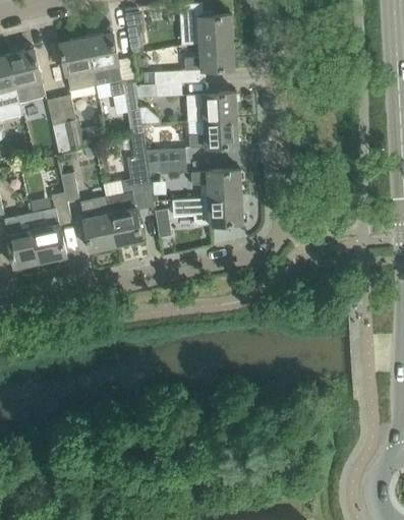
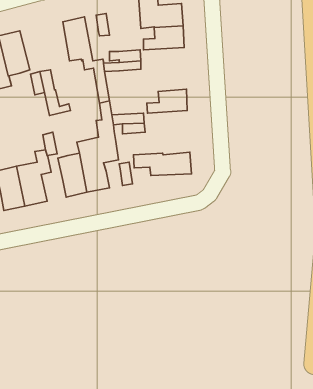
building: [59,38,94,92] -> none
building: [186,93,237,123] -> none
building: [190,170,241,200] -> none

